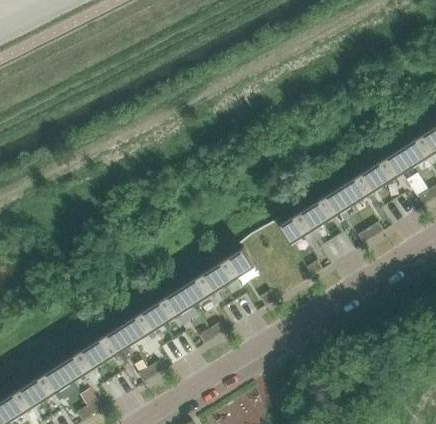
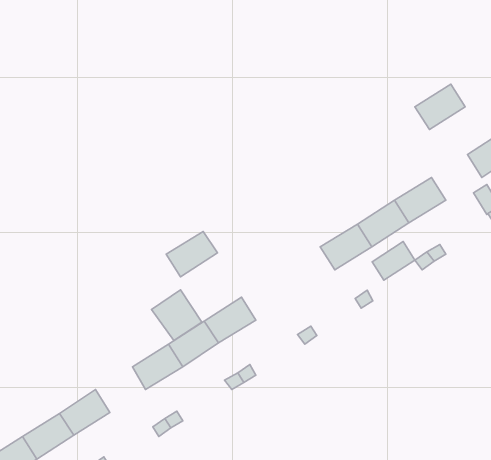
building: [372,147,414,185] -> [415,84,465,130]
building: none -> [372,242,415,280]
building: [213,247,256,285] -> [166,231,218,277]
building: none -> [152,290,202,341]
building: [91,324,133,362] -> none

